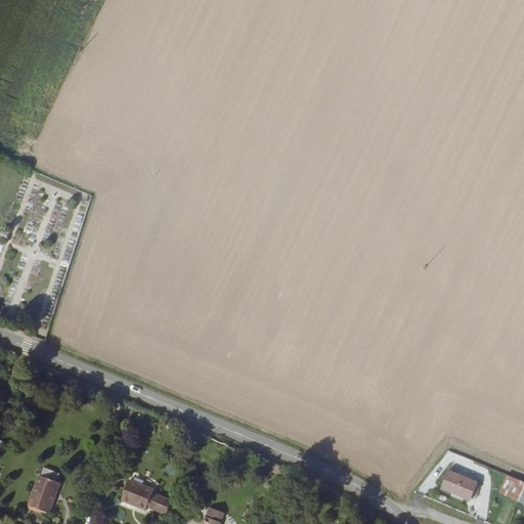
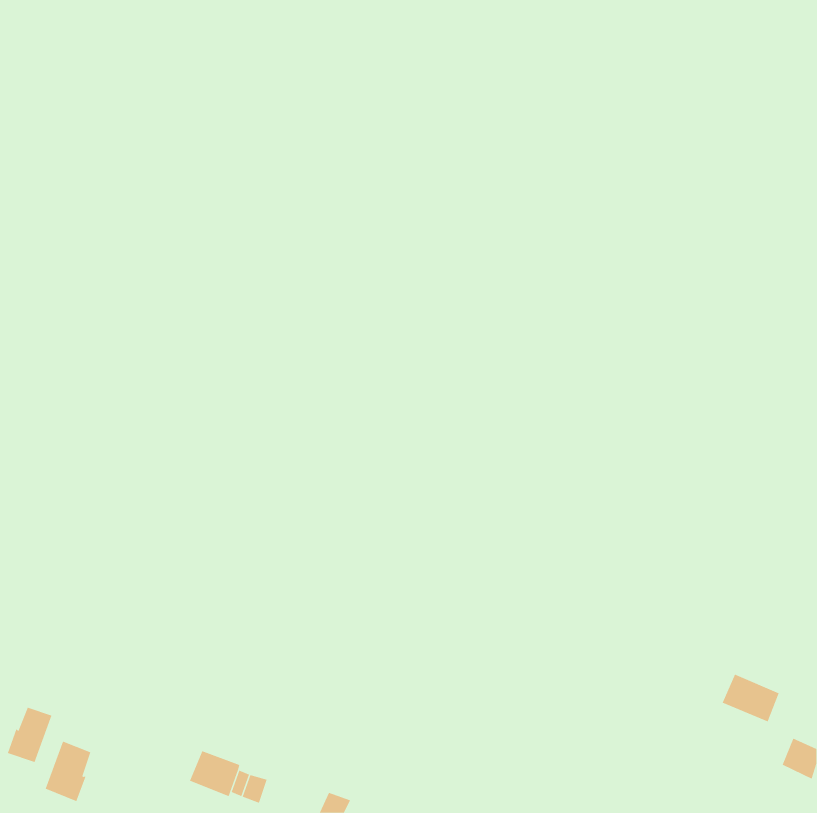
building: none -> [7,707,52,763]
building: [440,468,477,498] -> [722,674,779,722]

